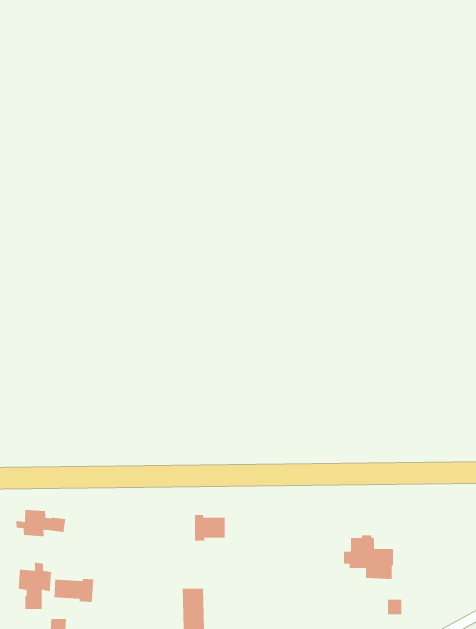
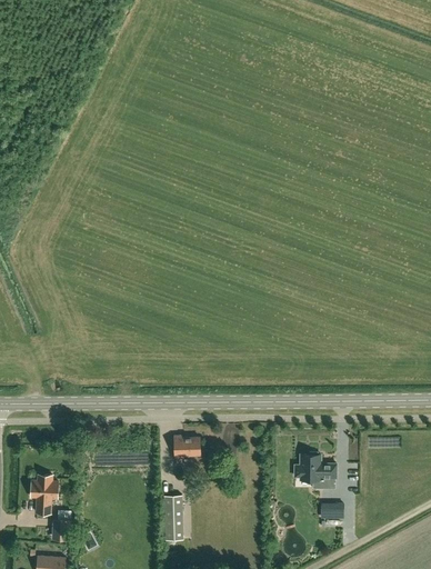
building: [16,509,66,537] -> none
building: [53,578,94,603] -> none

